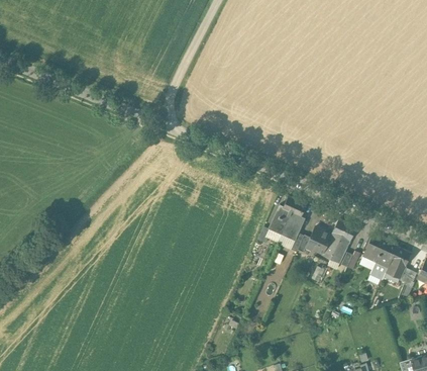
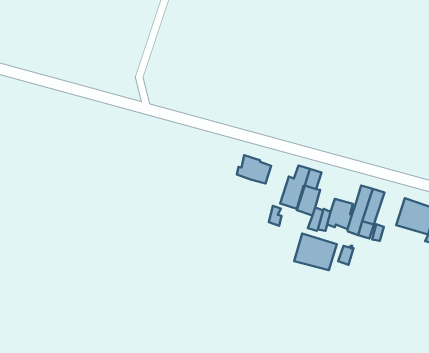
building: none -> [237,155,271,183]
building: none -> [294,233,337,270]

